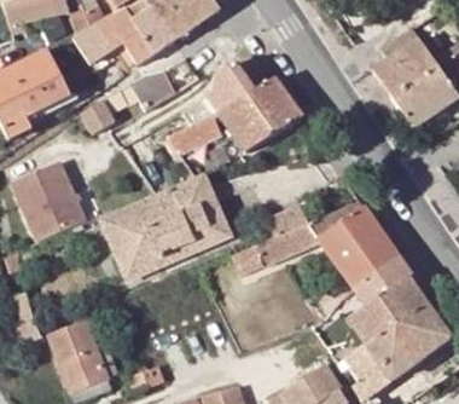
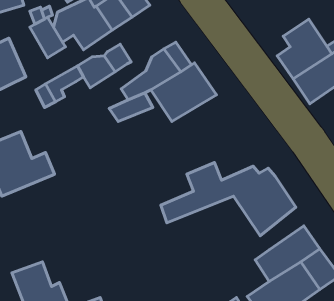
building: [100,173,232,279] -> none
building: [353,255,411,307] -> none

